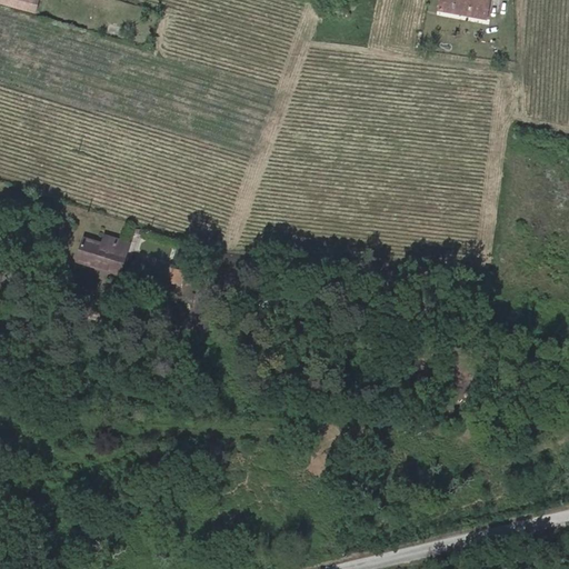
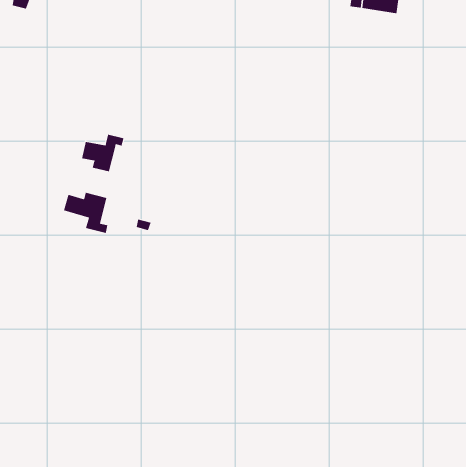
building: none -> [82,134,124,172]

